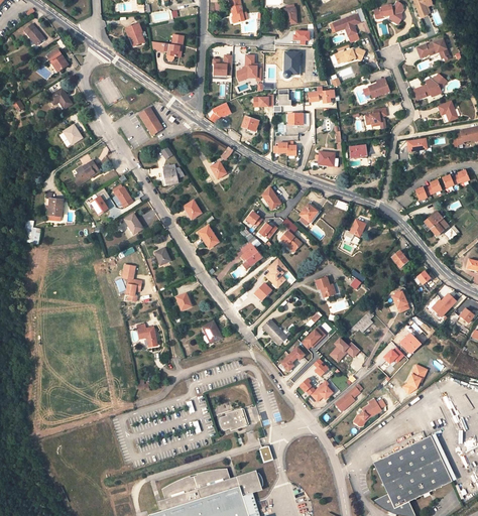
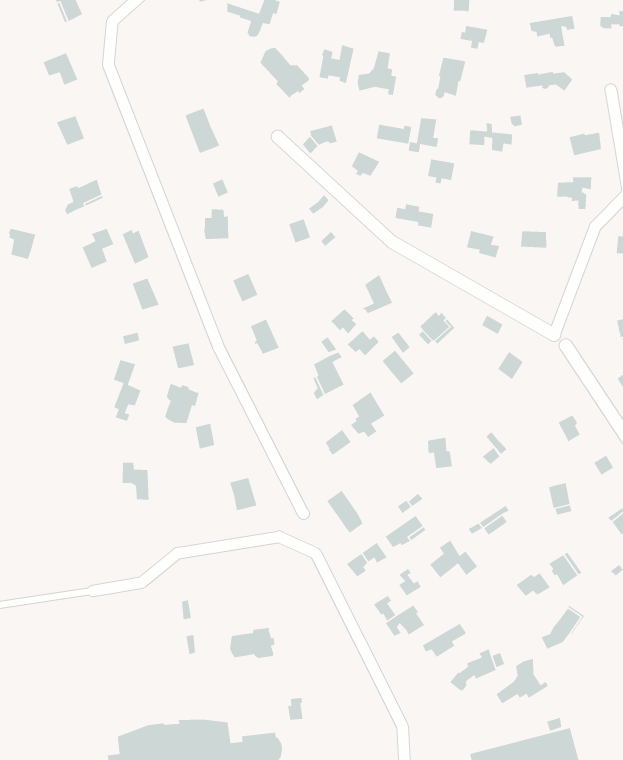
building: none -> [259,47,310,99]
building: none -> [164,384,200,424]
building: none -> [495,658,549,704]

